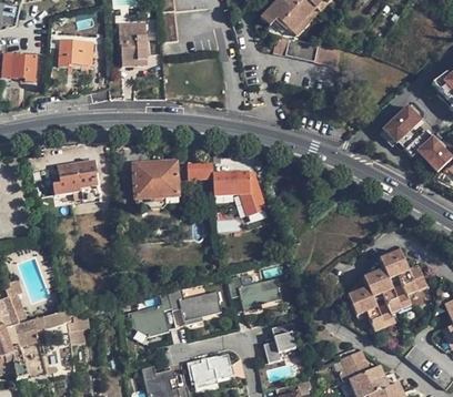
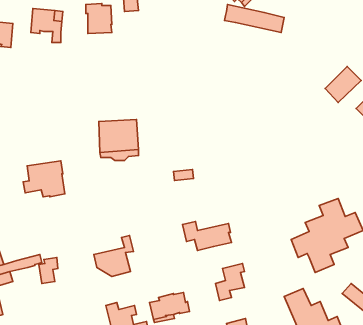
building: [52,159,99,198] -> [23,161,65,197]
building: [187,159,262,211] -> none
building: [168,286,221,319] -> none

